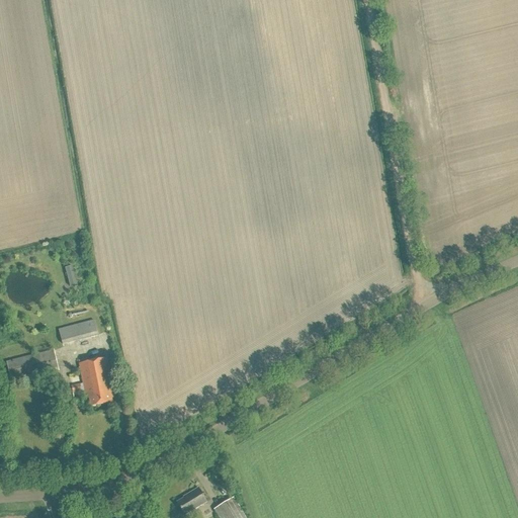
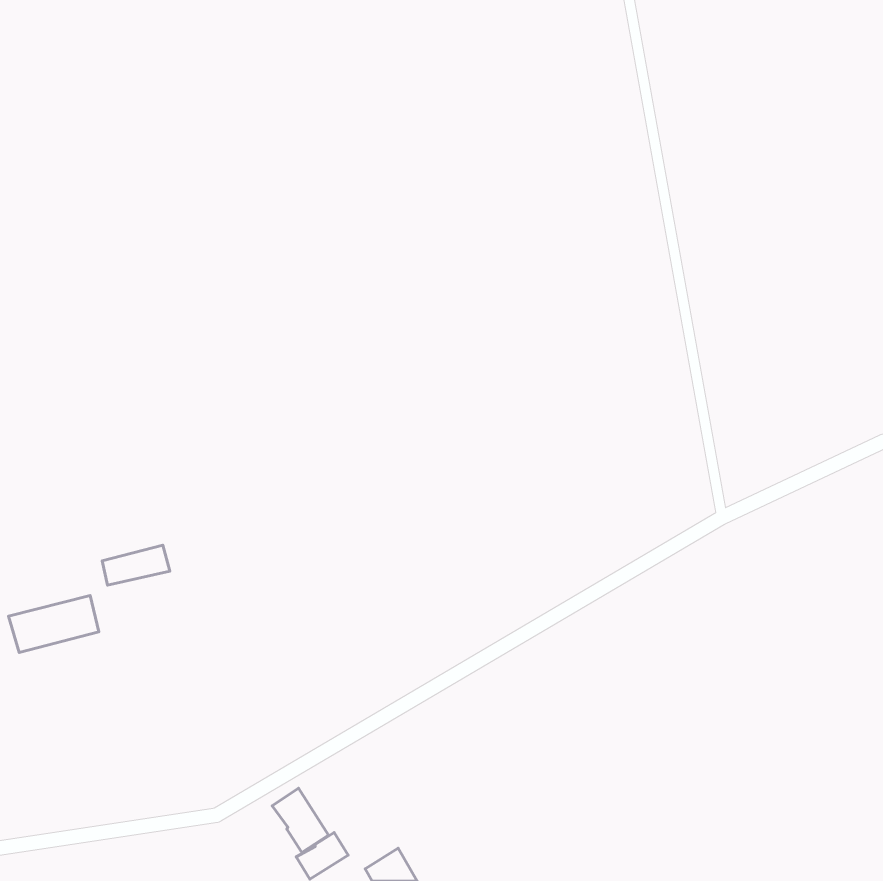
building: [70,358,111,406] -> none
building: none -> [272,788,328,853]

